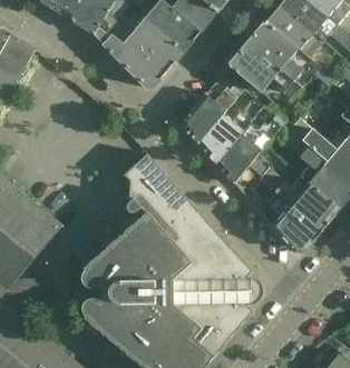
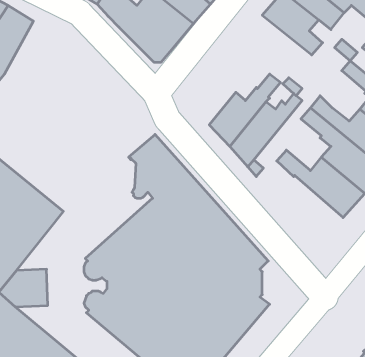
building: [229,43,292,93] -> none
building: [183,83,244,145] -> none
building: [264,191,321,252] -> none

